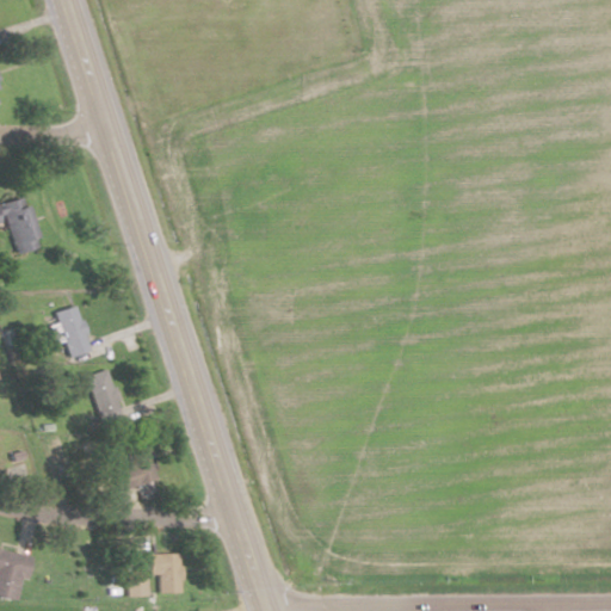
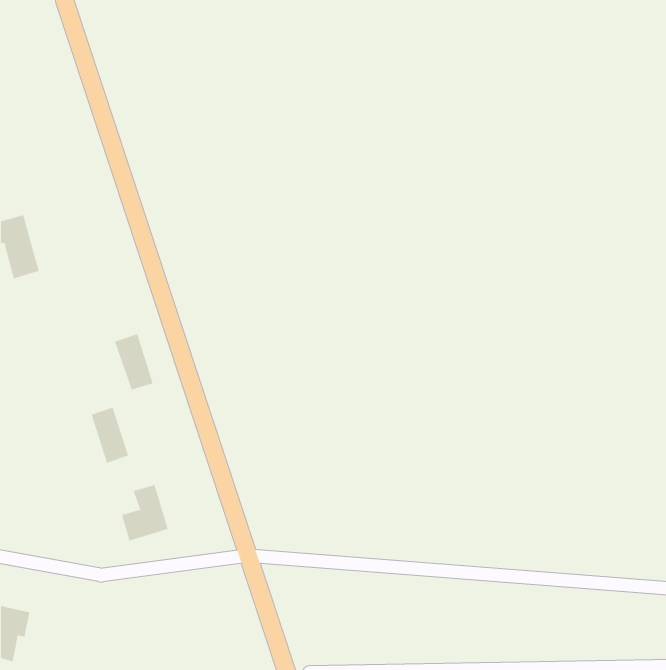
building: [56,307,92,358] -> [114,334,154,390]
building: [152,555,183,595] -> none

